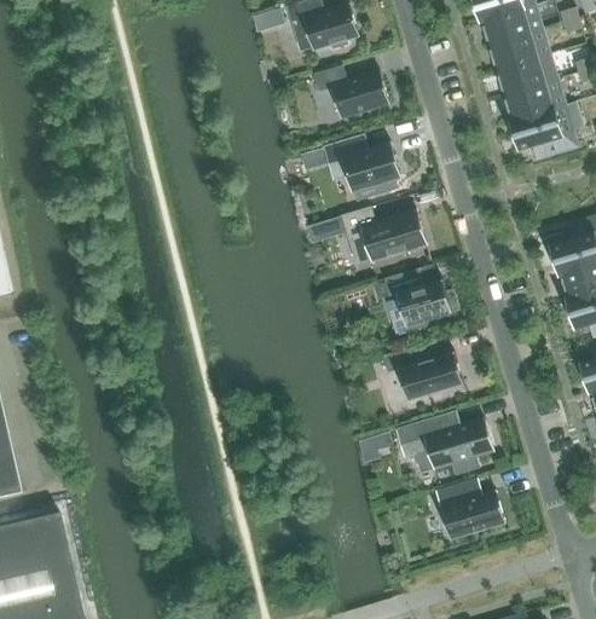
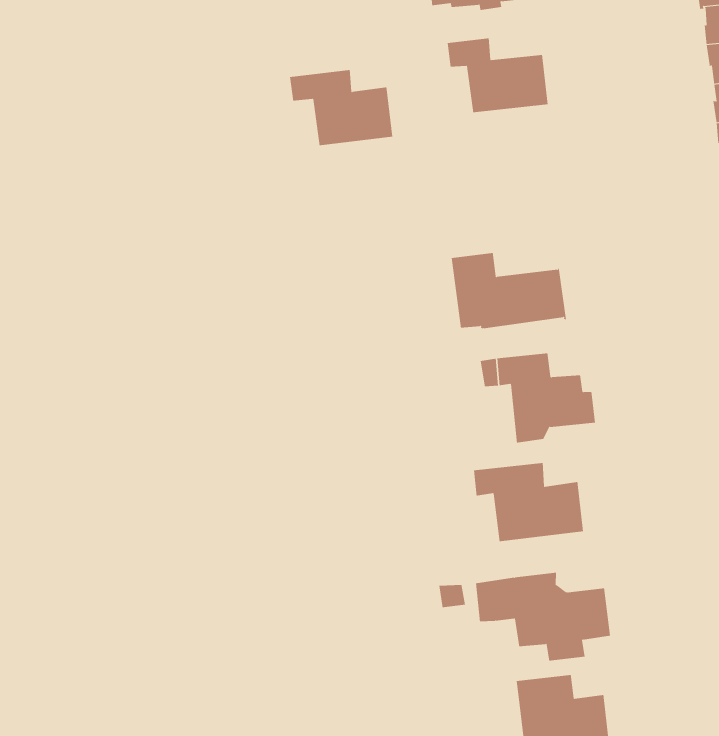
building: [325,137,401,191] -> [289,70,393,146]

